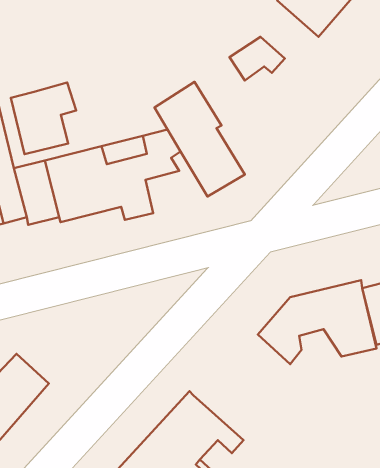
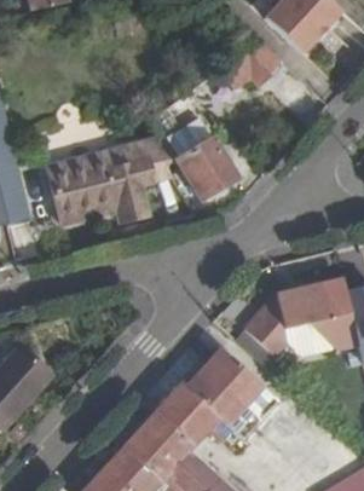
building: [11,83,76,154] -> none
building: none -> [185,347,277,438]

